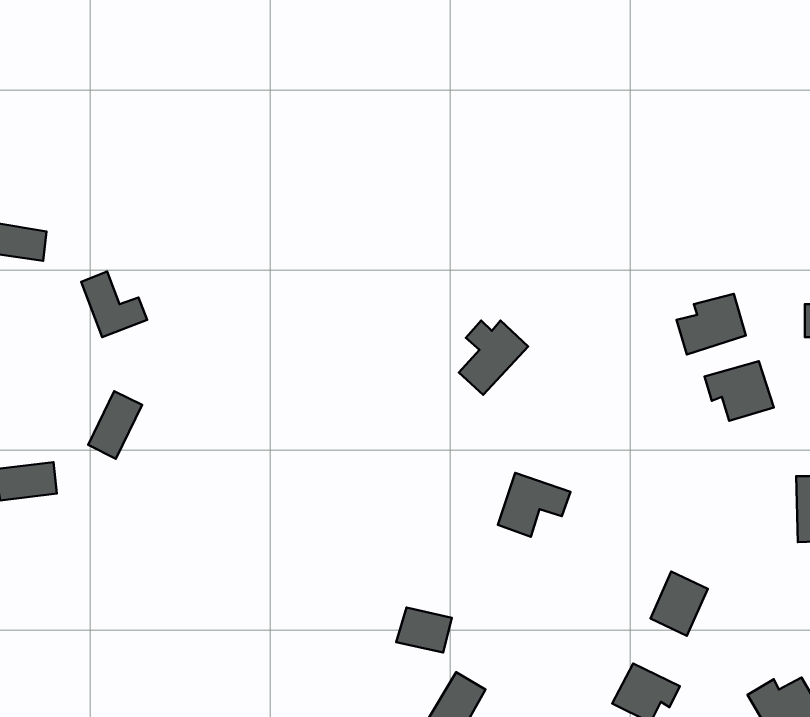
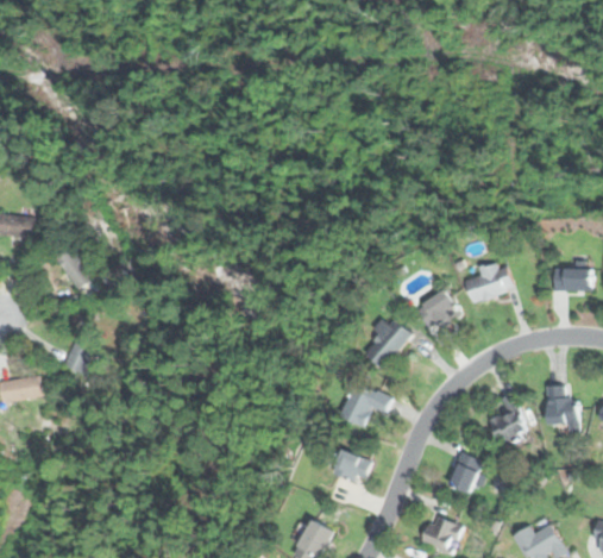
building: [459,320,528,395] -> [366,318,414,369]
building: none -> [419,293,459,331]
building: [704,361,774,421] -> none
building: none -> [489,395,527,444]
building: [396,608,452,653] -> [333,451,371,482]

